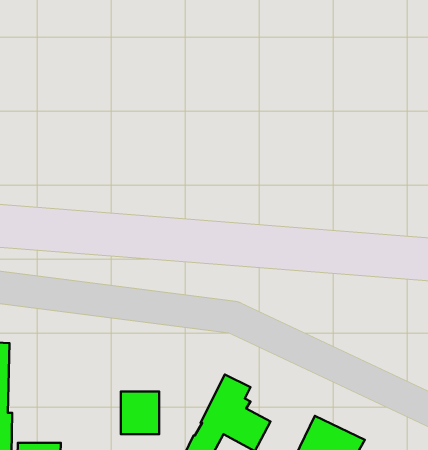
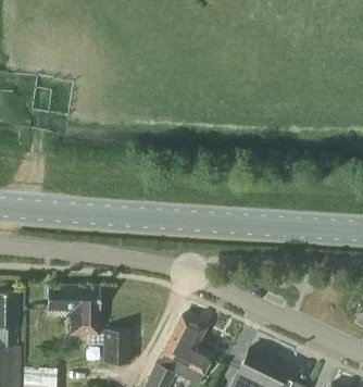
building: none -> [47,286,100,336]

